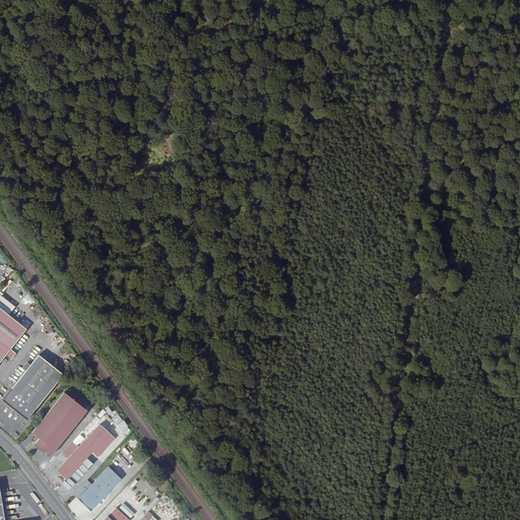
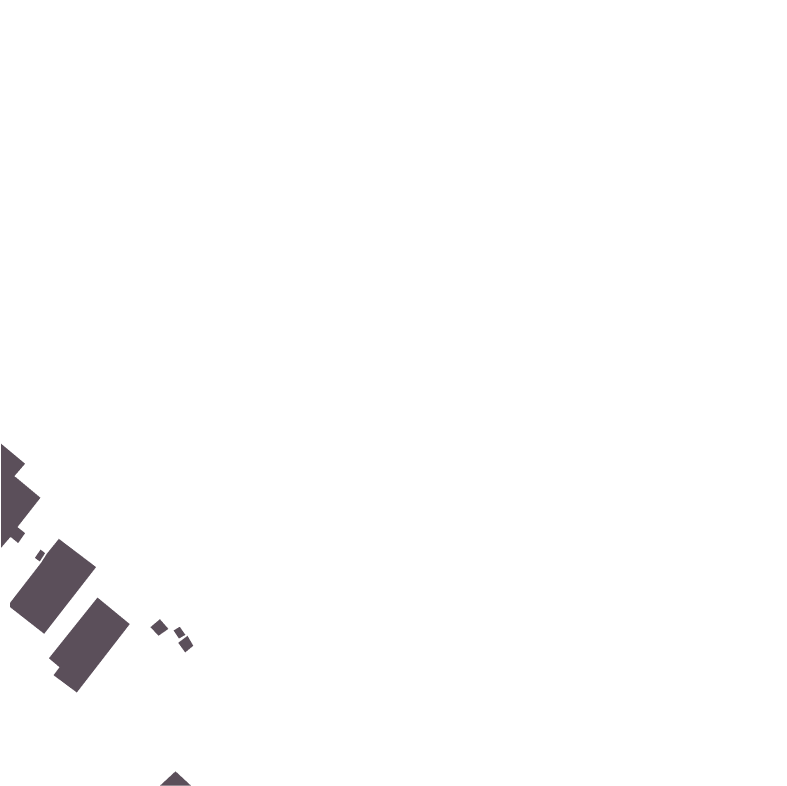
building: [56,426,115,481] -> none
building: [72,467,121,512] -> none

